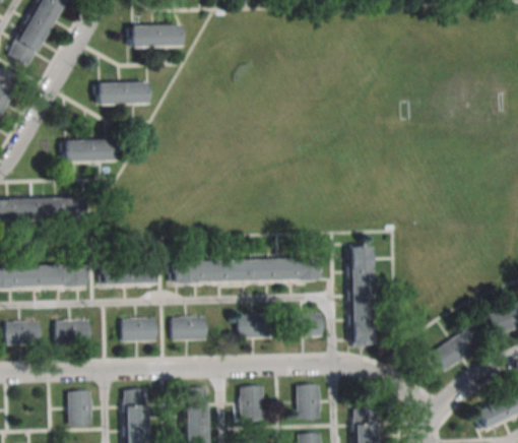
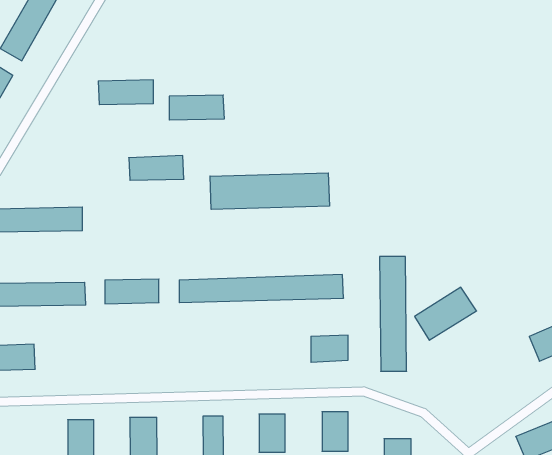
building: [129,25,179,48] -> [169,95,224,120]
building: [62,140,112,163] -> [129,156,184,180]
building: none -> [210,173,329,209]
building: [238,315,272,339] -> none
building: [171,317,205,341] -> none
building: [121,319,155,342] -> none
building: [55,320,89,344] -> none
building: [431,324,487,372] -> [415,287,477,340]

